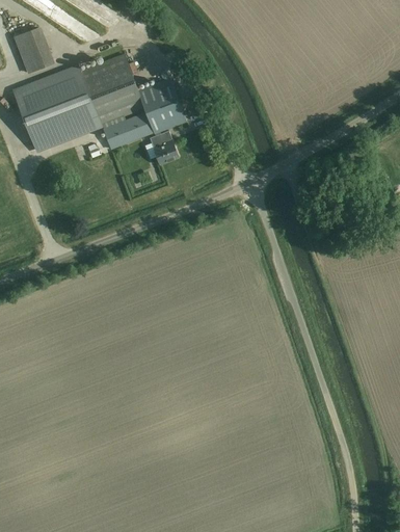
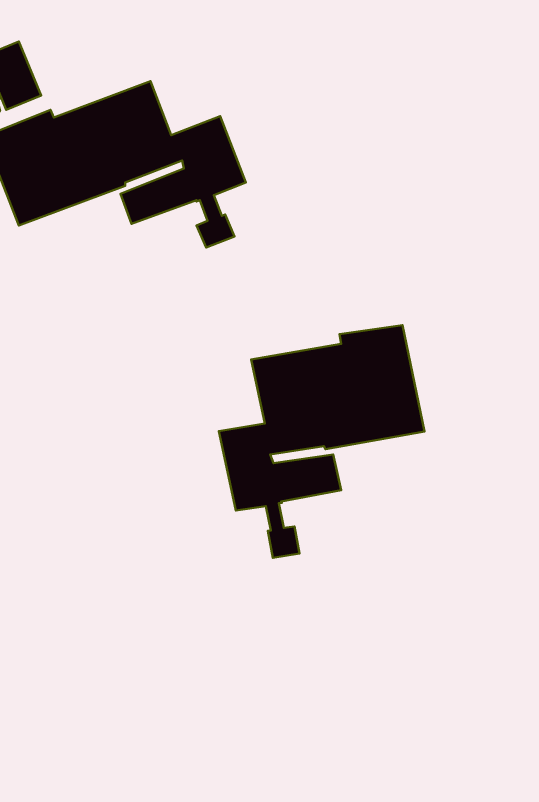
building: none -> [219,325,424,558]

